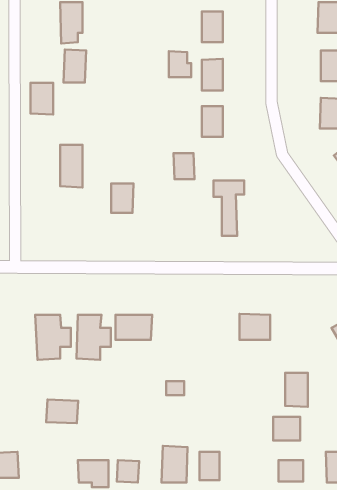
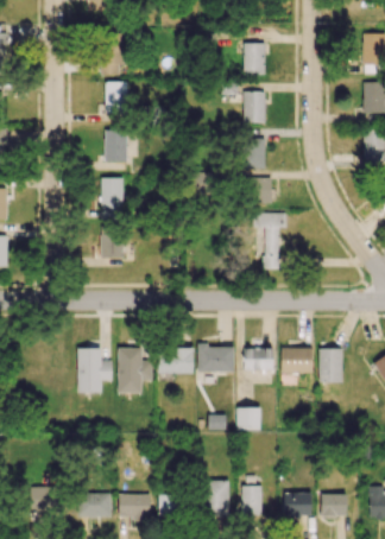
building: [169,51,191,77] -> none
building: [31,83,53,115] -> [105,131,127,163]
building: [173,153,195,179] -> [251,178,272,204]
building: [111,183,134,213] -> [101,229,124,259]
building: none -> [197,347,234,373]
building: none -> [244,349,273,372]
building: [285,373,308,407] -> [320,349,342,383]
building: none -> [236,408,260,431]
building: [46,400,78,423] -> [76,494,108,518]
building: [273,417,300,441] -> [284,494,311,518]

